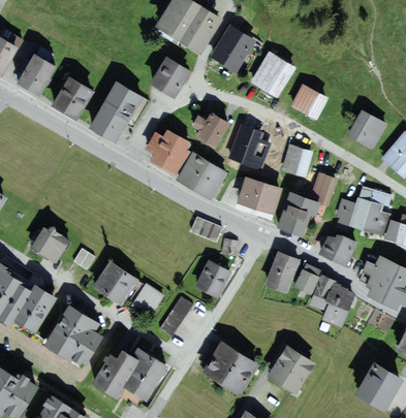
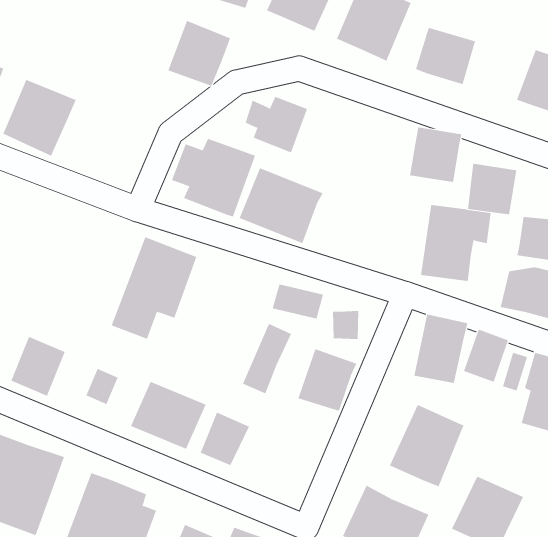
building: [89,84,145,142] -> [111,237,197,339]
building: [225,123,262,164] -> none
building: [235,173,279,213] -> none
building: [160,297,193,337] -> [242,323,292,394]
building: none -> [389,404,464,487]

